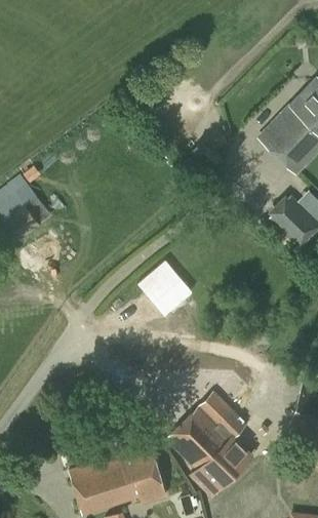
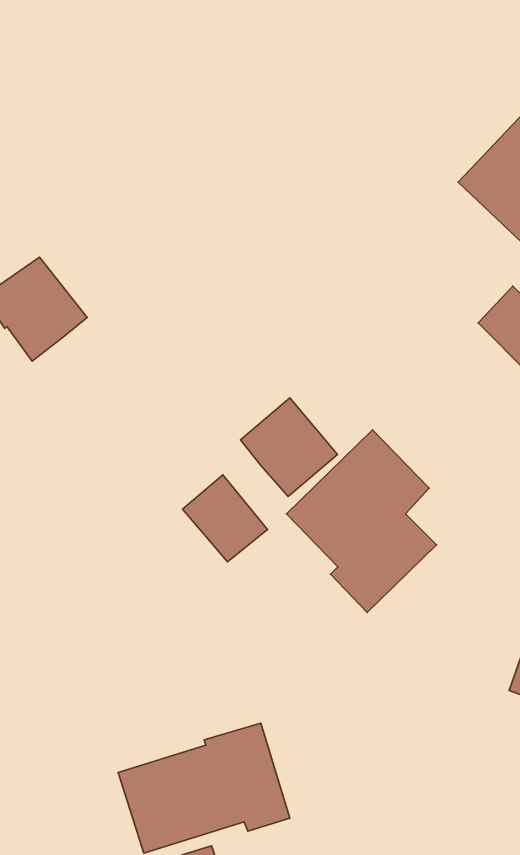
building: none -> [183,475,267,562]
building: [166,392,250,494] -> [287,430,436,613]

